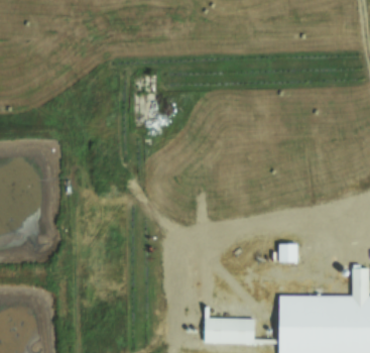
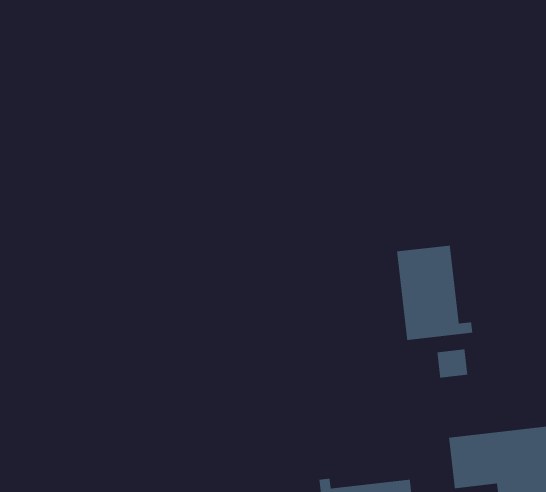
building: none -> [396,245,473,341]

